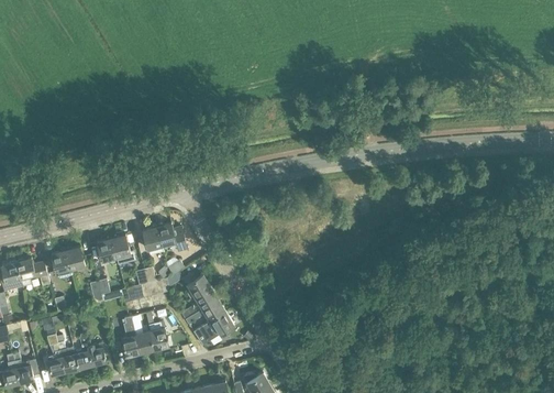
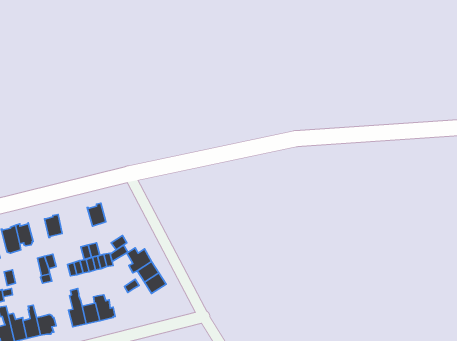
building: [155,222,186,250] -> none
building: [110,234,134,265] -> none
building: [192,312,233,346] -> none

